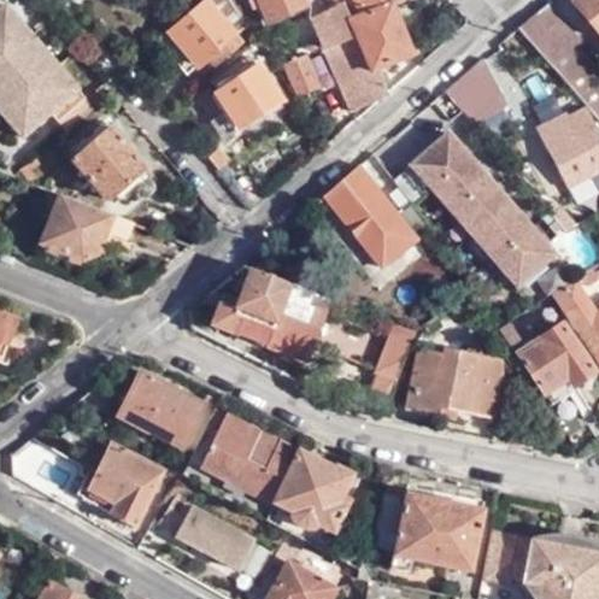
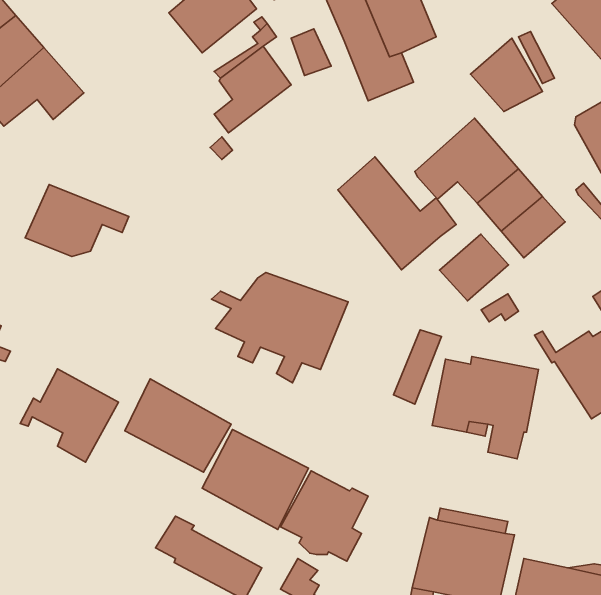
building: [66,127,151,200] -> none
building: [491,225,553,286] -> [440,234,509,301]
building: [77,441,166,525] -> [20,369,119,462]

